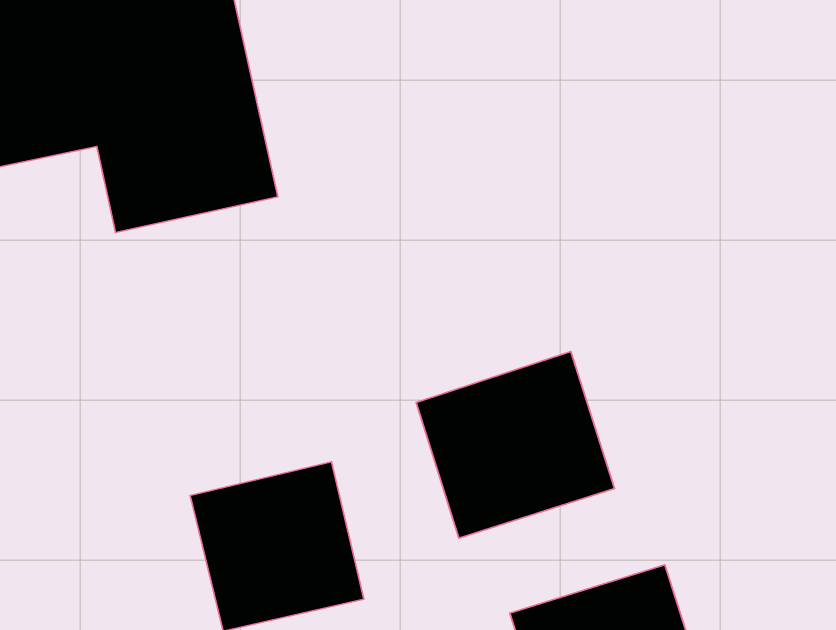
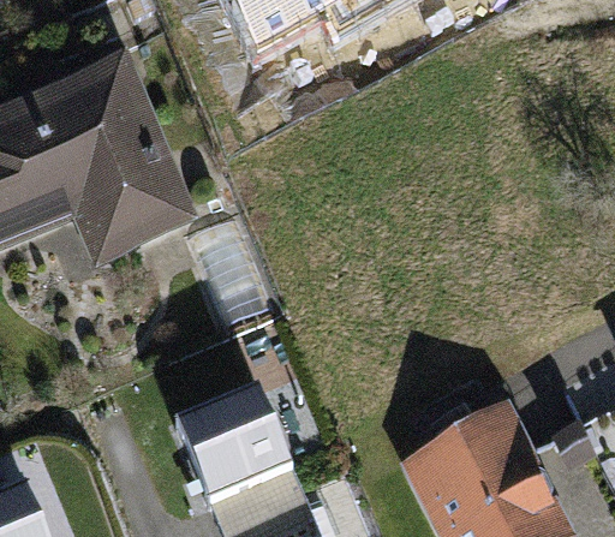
building: [416,351,615,538] -> none

